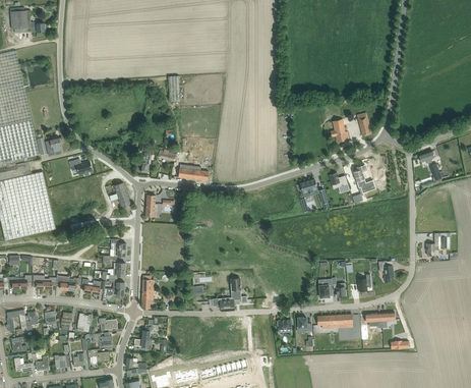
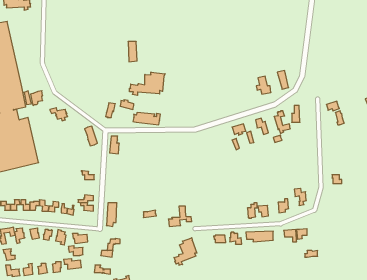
building: none -> [129,72,165,95]
building: none -> [174,238,197,265]

